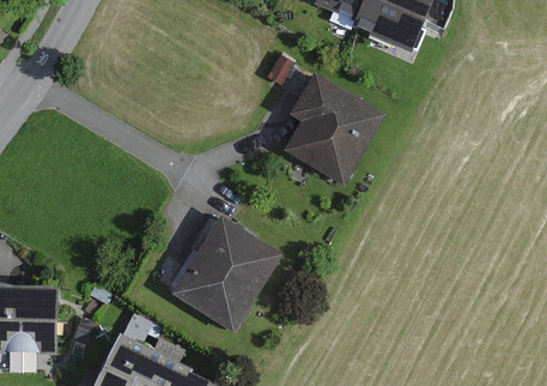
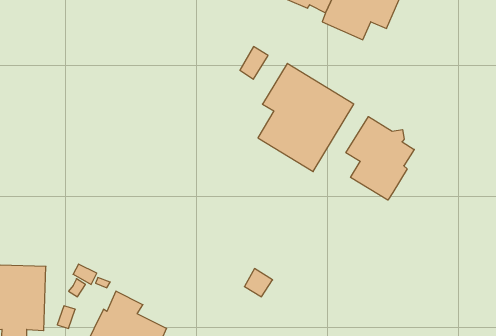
building: none -> [346,117,414,200]
building: [170,215,281,332] -> none

